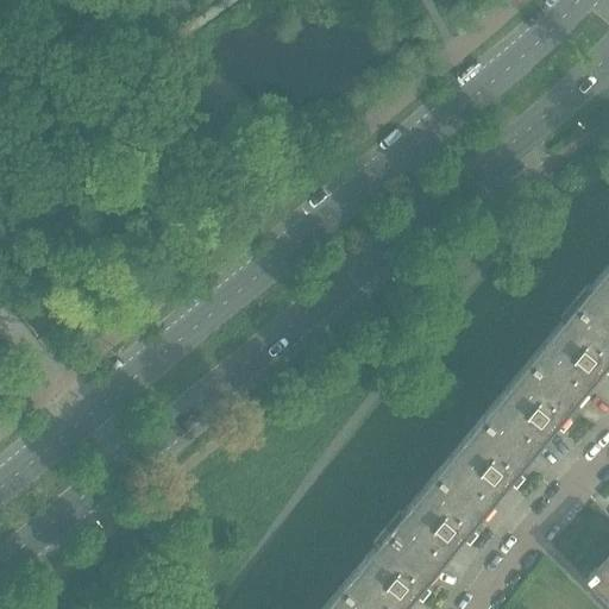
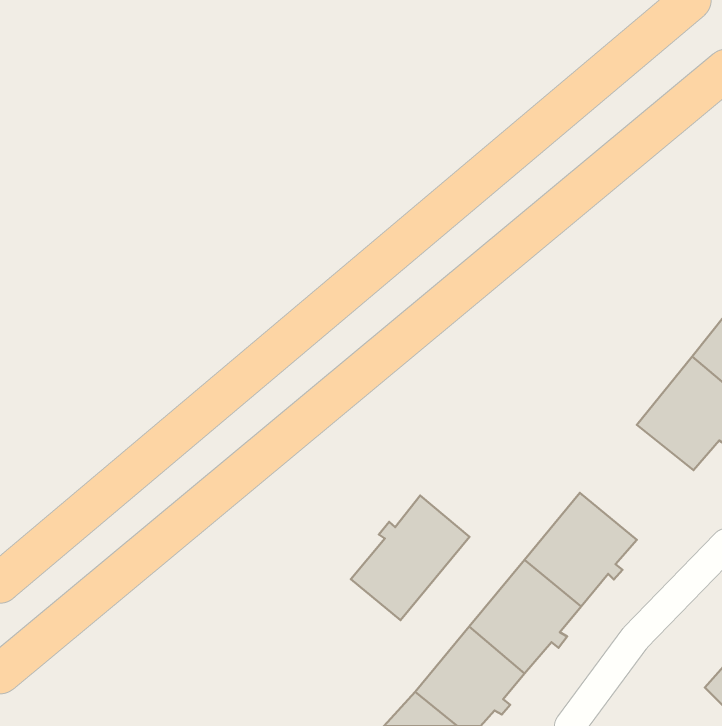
building: [489,356,584,452] -> none
building: none -> [351,496,470,620]

